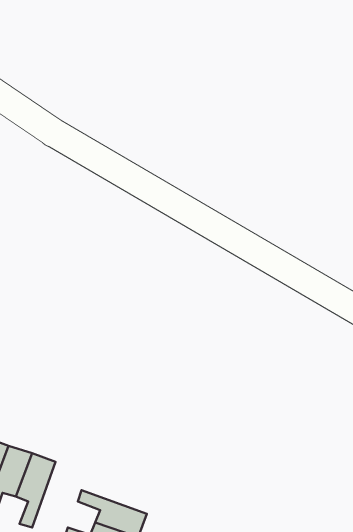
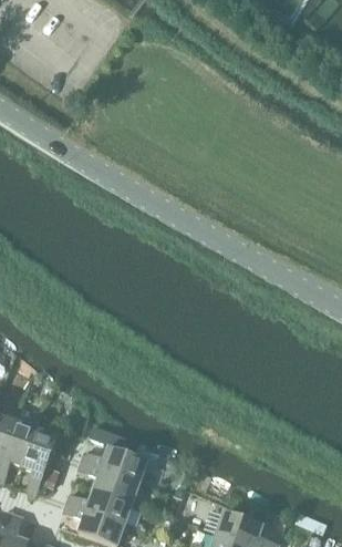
building: none -> [82,426,148,482]

